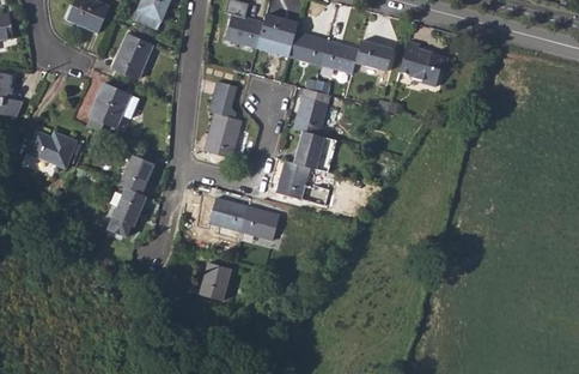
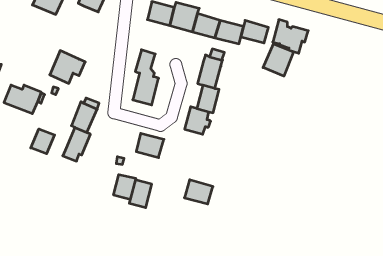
building: [111,34,153,79] -> none
building: none -> [263,44,293,76]
building: none -> [31,129,55,154]
building: [240,206,280,240] -> [184,180,213,204]
building: none -> [114,175,136,199]

